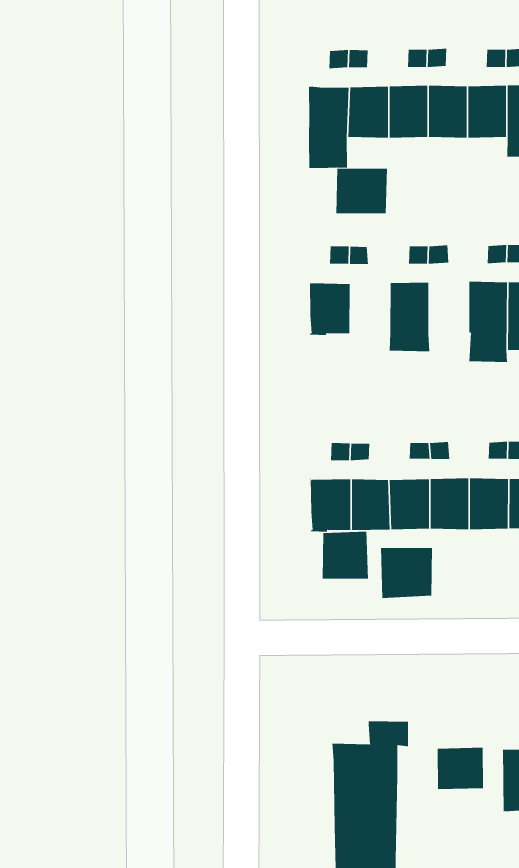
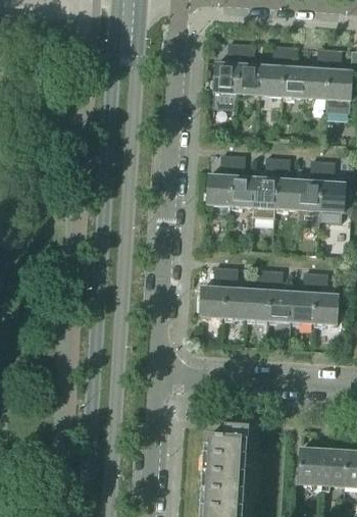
building: [336,168,387,214] -> none
building: none -> [275,177,300,208]
building: none -> [231,175,255,205]
building: [322,531,368,579] -> none
building: [380,547,432,599] -> none
building: [437,747,484,790] -> none

